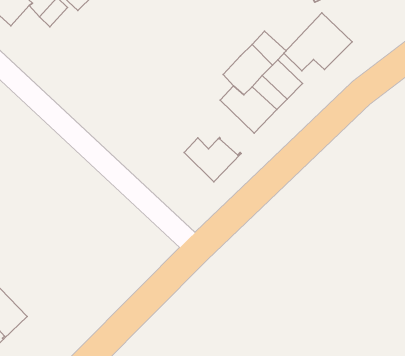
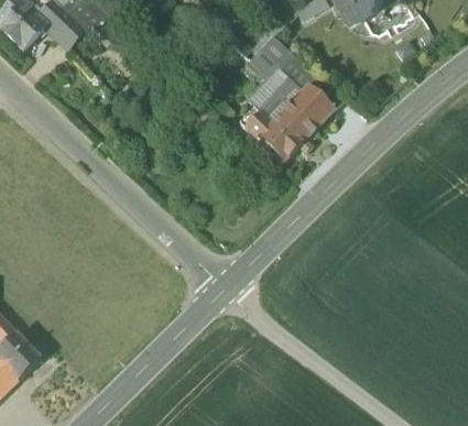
building: [284,13,352,71] -> none
building: none -> [248,36,293,80]
building: [184,138,241,182] -> none

